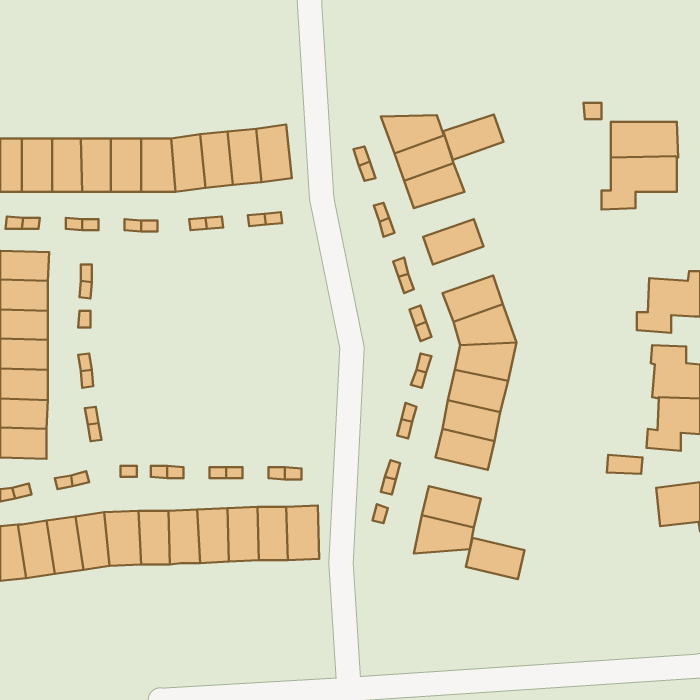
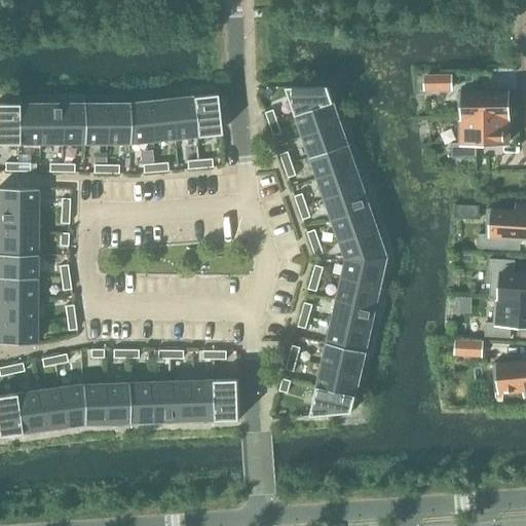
building: [443,115,503,160] -> [310,144,355,178]
building: none -> [325,185,370,220]
building: [466,538,525,579] -> [322,343,366,374]

